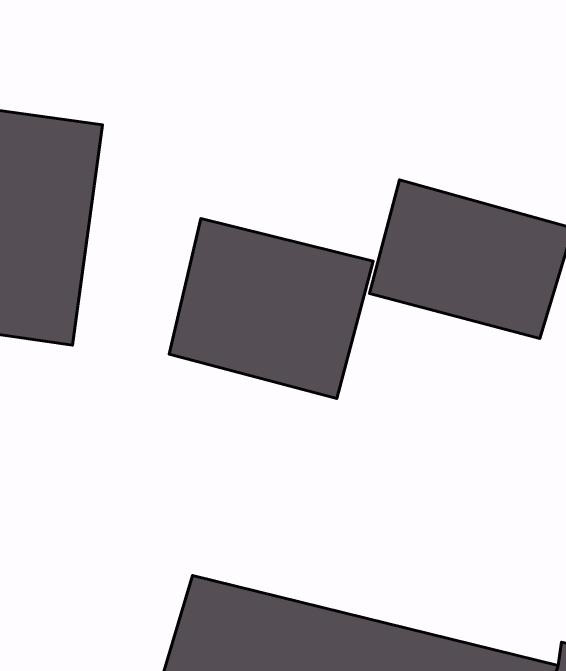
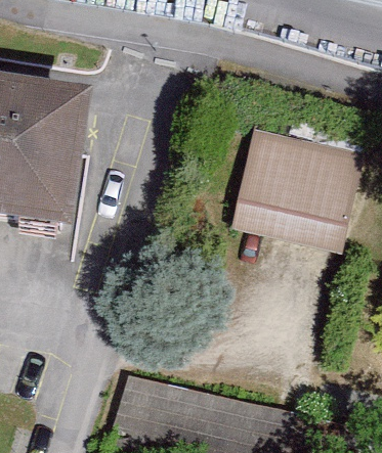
building: [169,219,373,398] -> none

